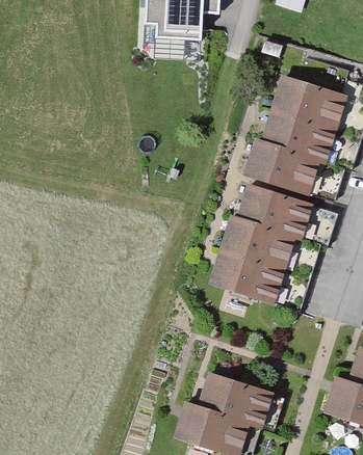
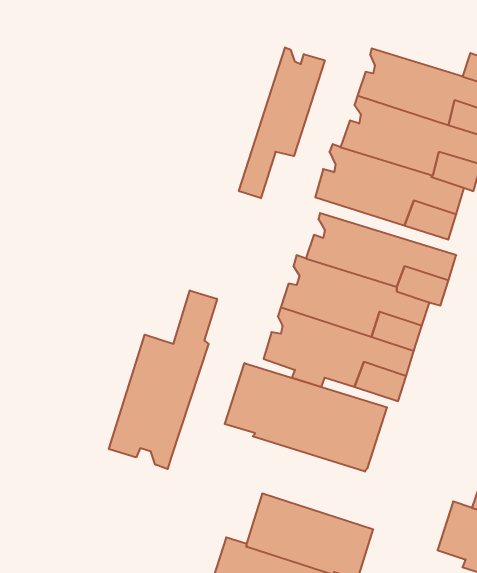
building: none -> [239,47,325,198]
building: none -> [109,290,217,469]
building: none -> [225,363,387,472]

